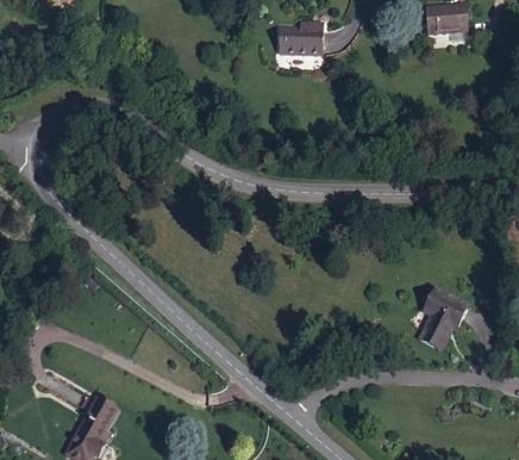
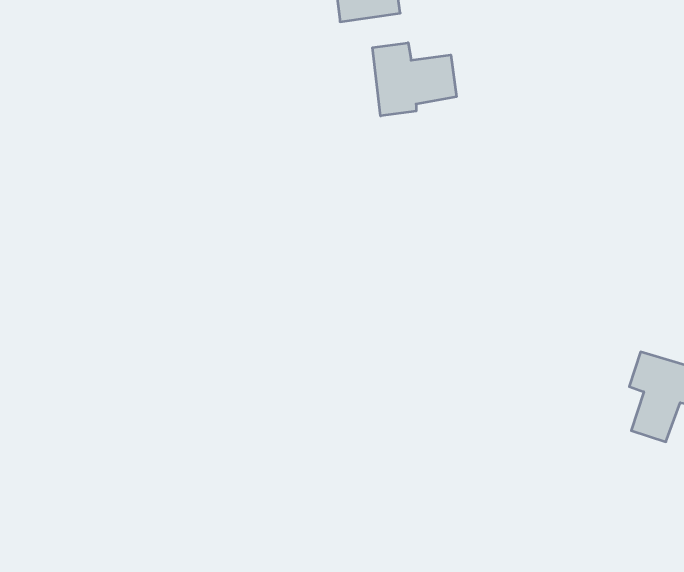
building: none -> [373,43,456,116]

